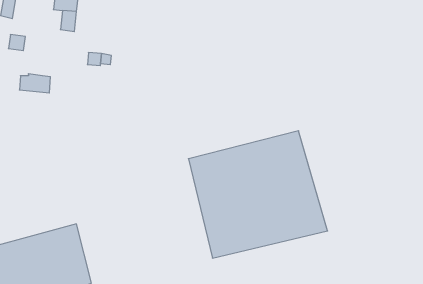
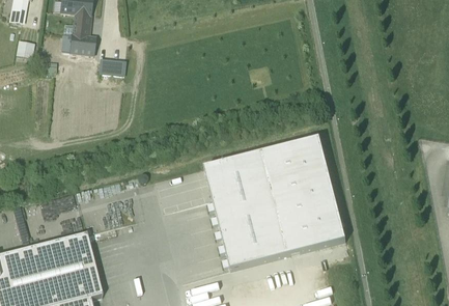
building: [19,74,50,93] -> [61,31,93,51]

